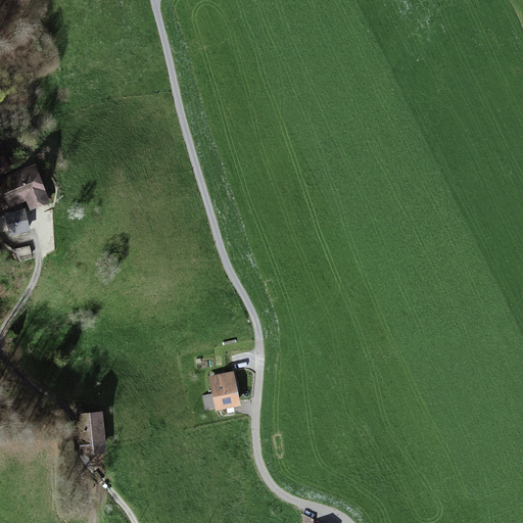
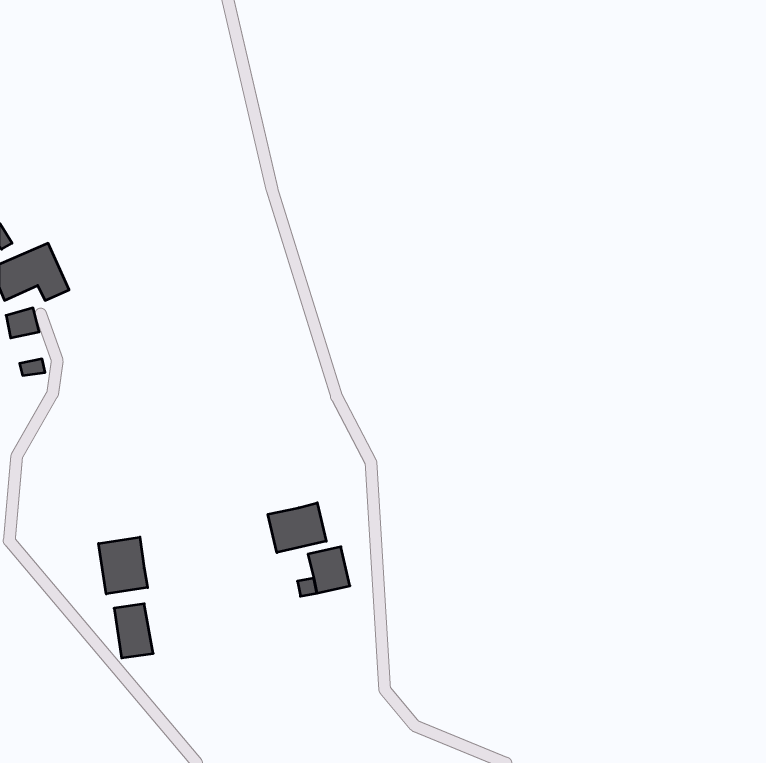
building: none -> [268,503,326,553]
building: none -> [99,537,148,594]

